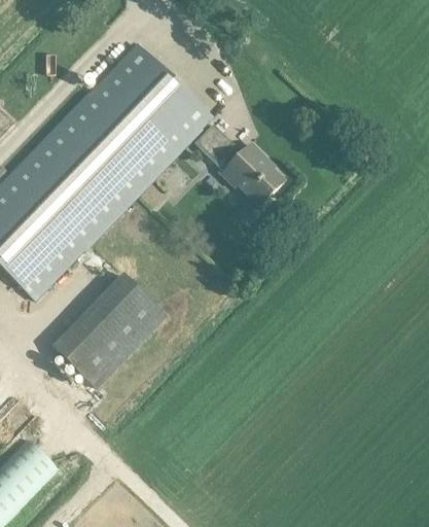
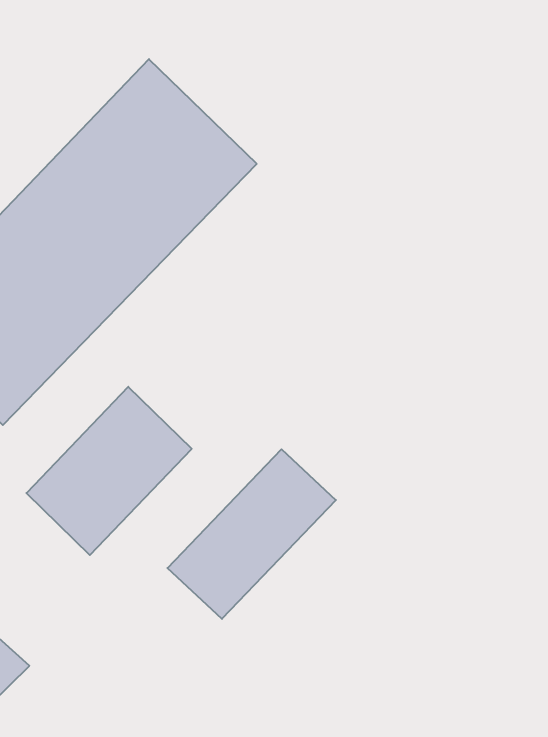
building: [195,122,285,205] -> none
building: none -> [167,449,336,619]

